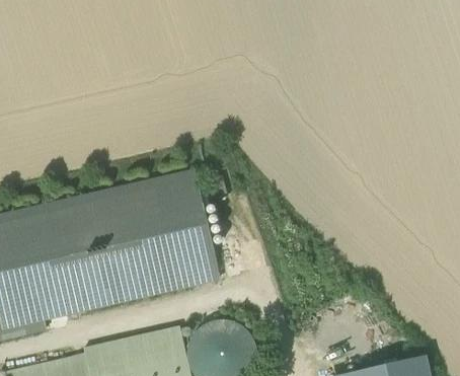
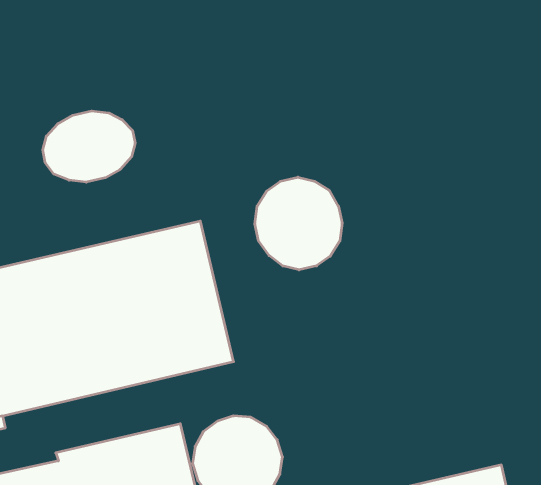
building: none -> [43,111,135,182]
building: none -> [255,177,342,270]

